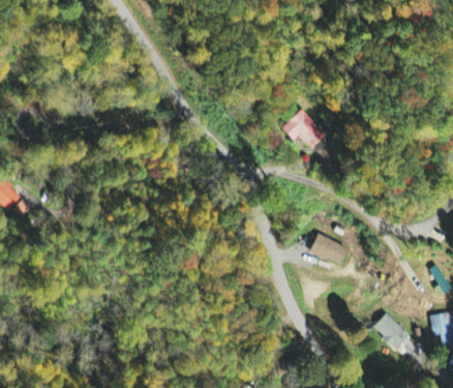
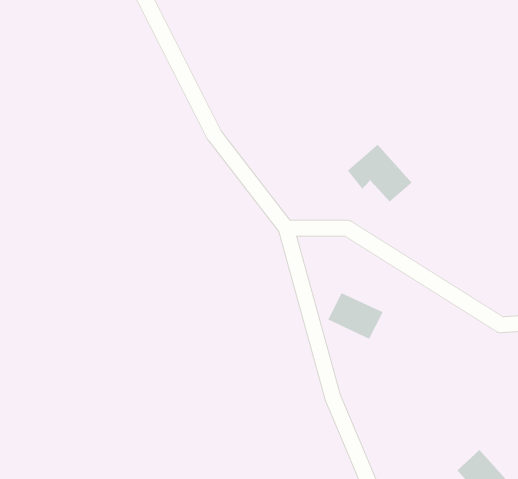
building: [308,234,346,265] -> [327,292,384,340]

